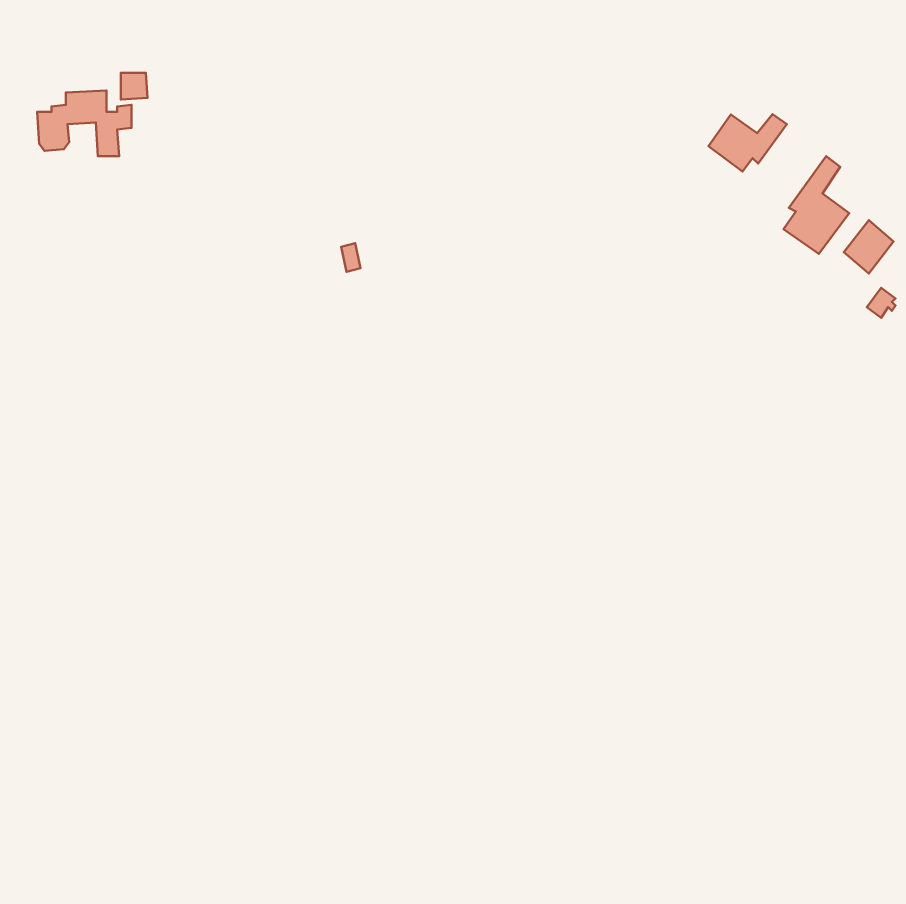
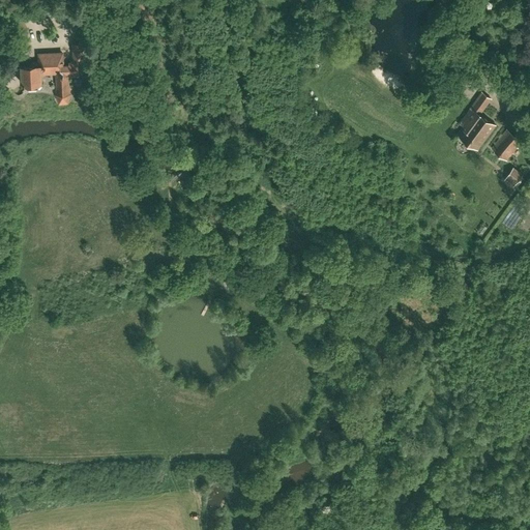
building: [709,114,787,172] -> none

